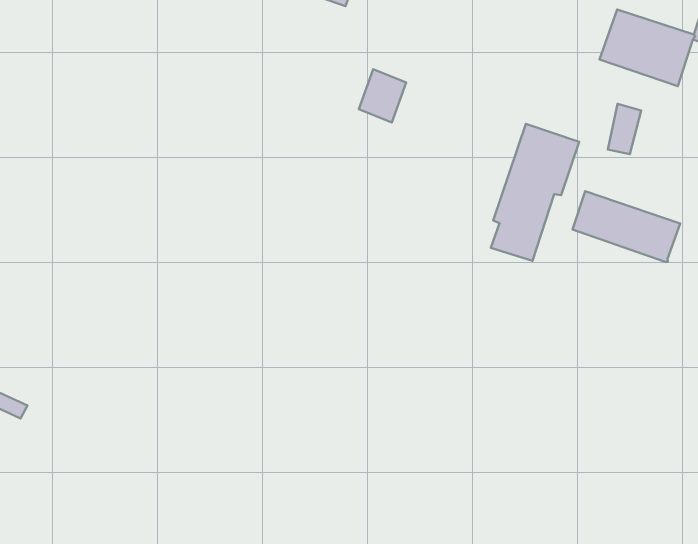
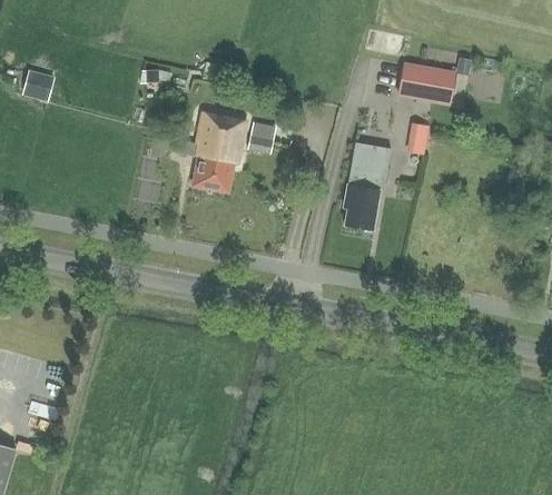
building: none -> [174,112,246,191]
building: [573,191,680,262] -> none

